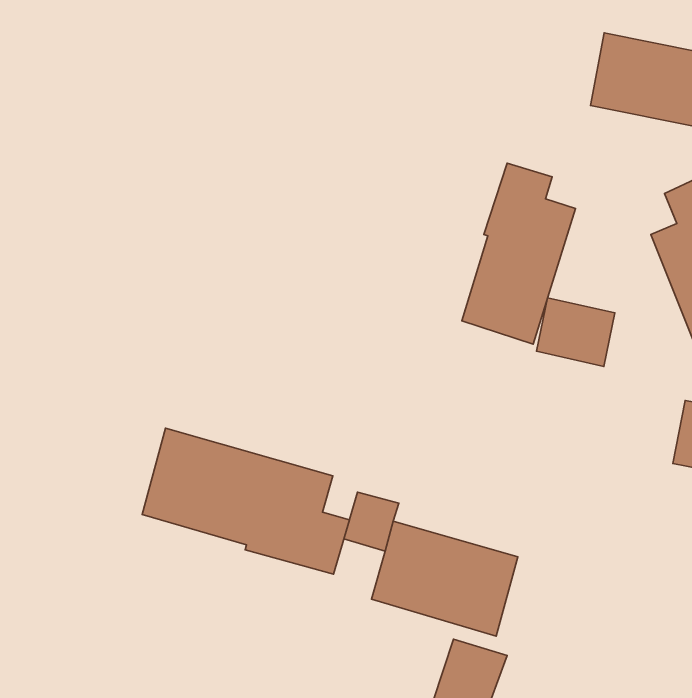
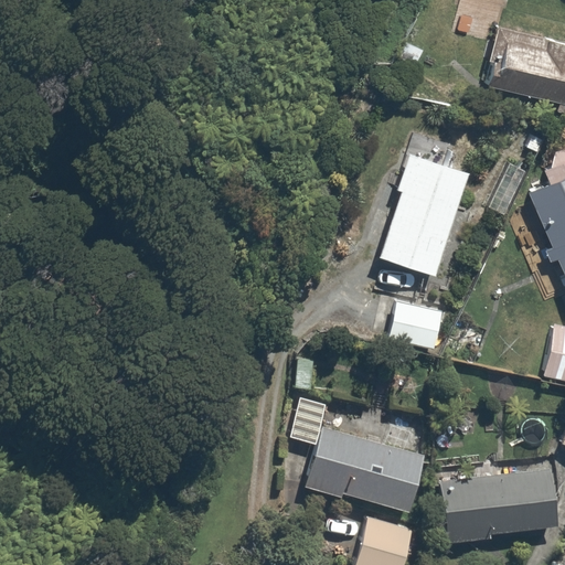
building: [537,298,615,366] -> [387,299,450,354]
building: [142,428,350,574] -> none
building: none -> [439,467,557,541]

